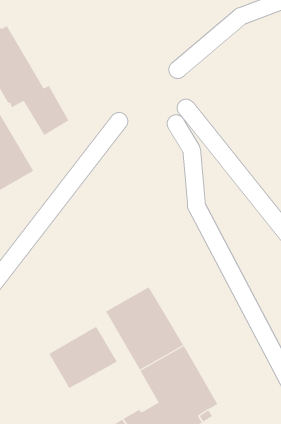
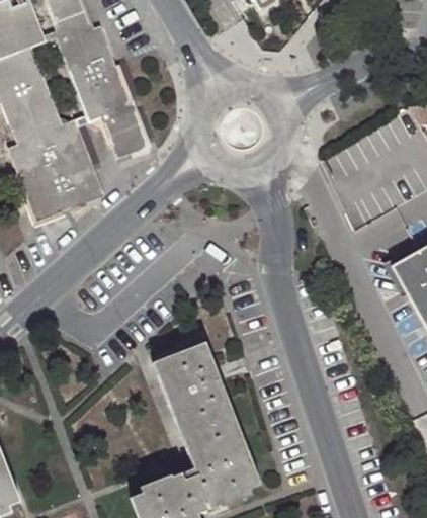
building: [48,326,117,389] -> none

